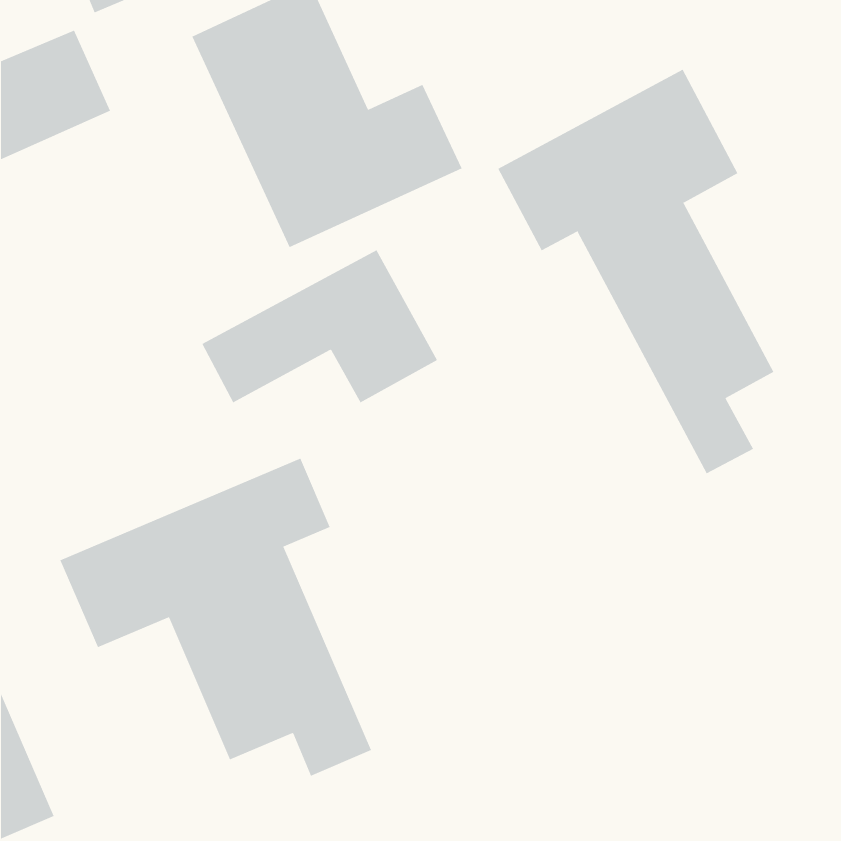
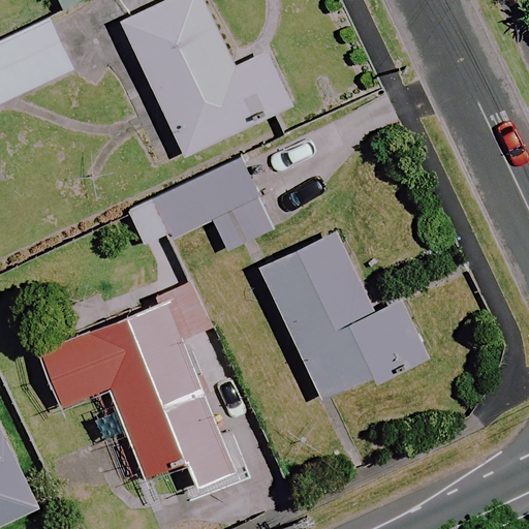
building: [497,69,774,474] -> none
building: none -> [259,231,426,405]

